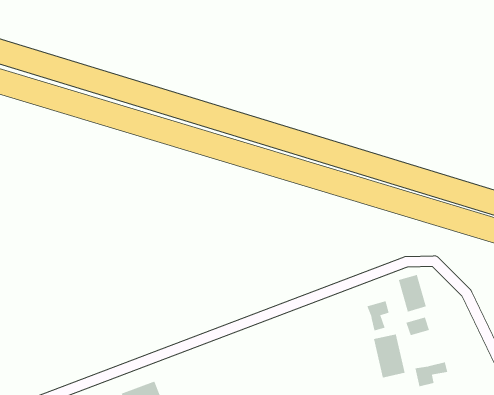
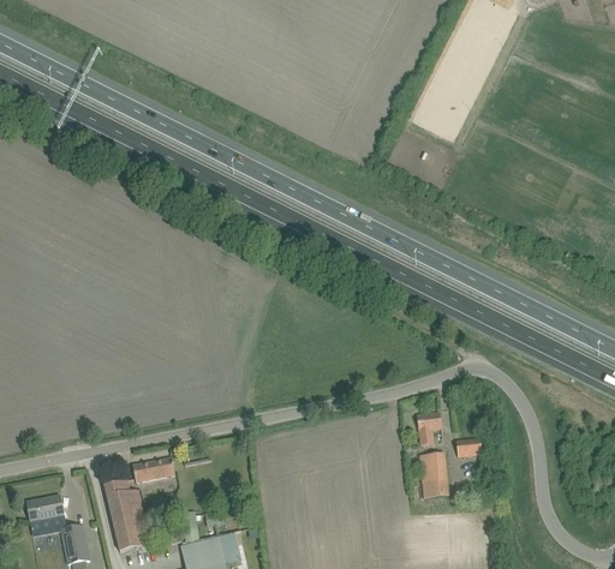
building: [398,274,427,312] -> none
building: [415,361,448,387] -> none

